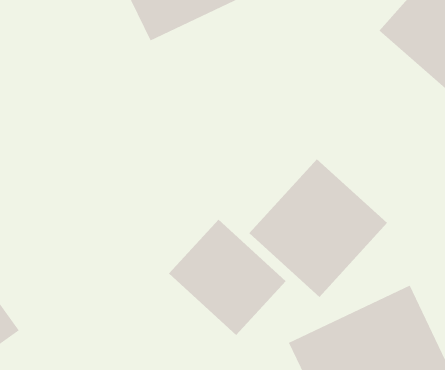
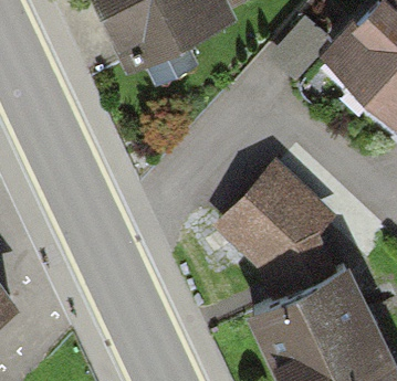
building: [168,219,286,336] -> none

